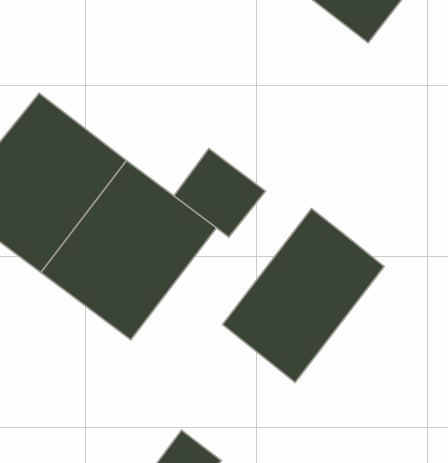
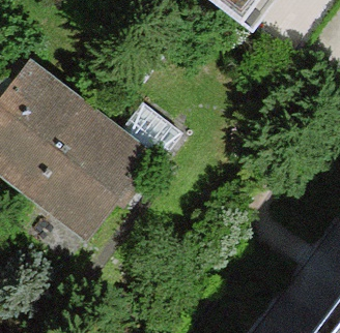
building: [222,209,384,382] -> none

